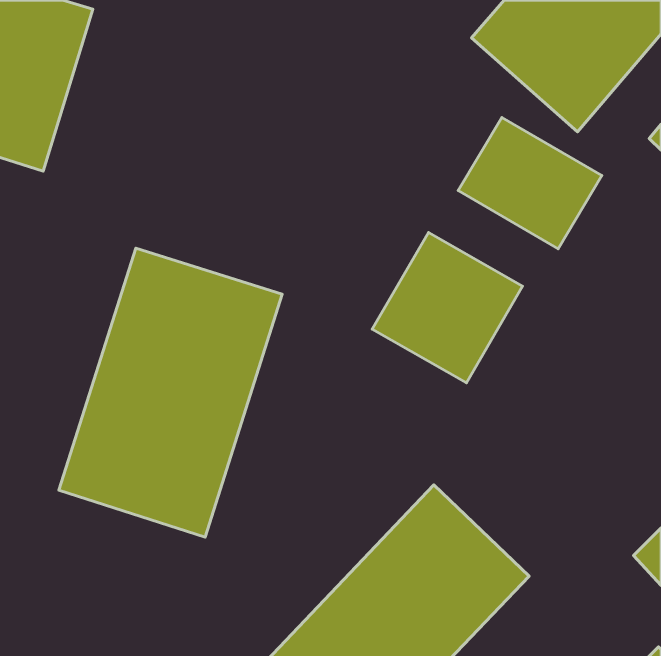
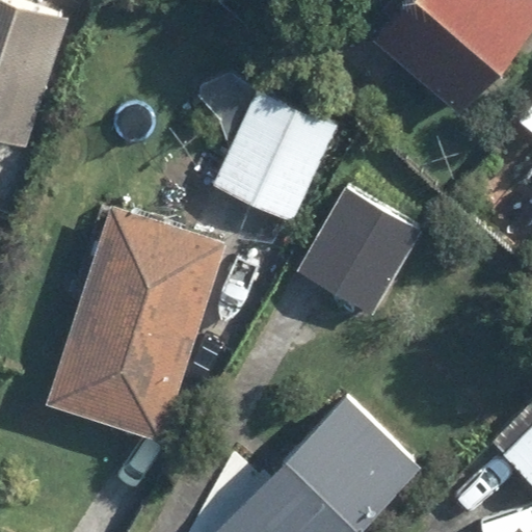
building: none -> [216,91,336,218]
building: [458,117,602,249] -> none

